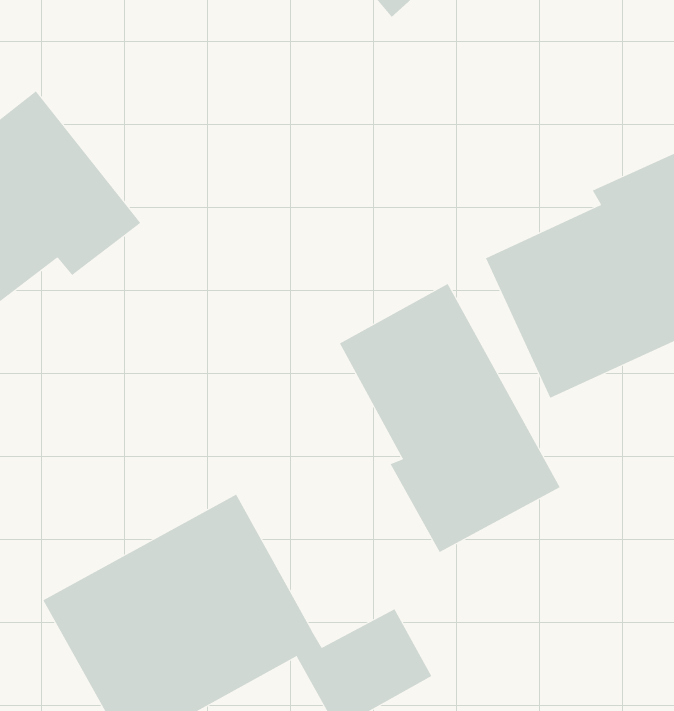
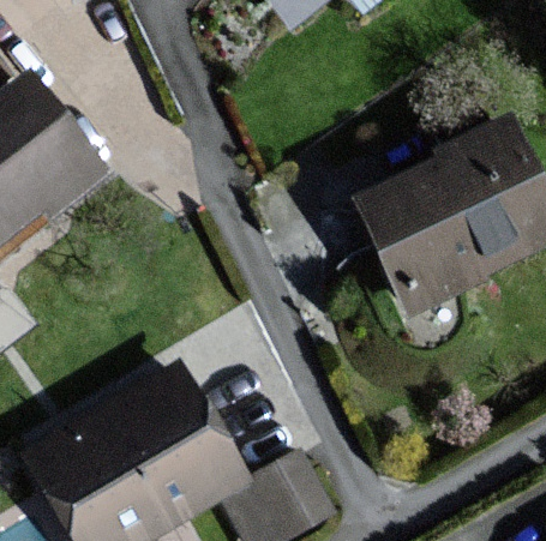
building: [339,283,561,553] -> none

